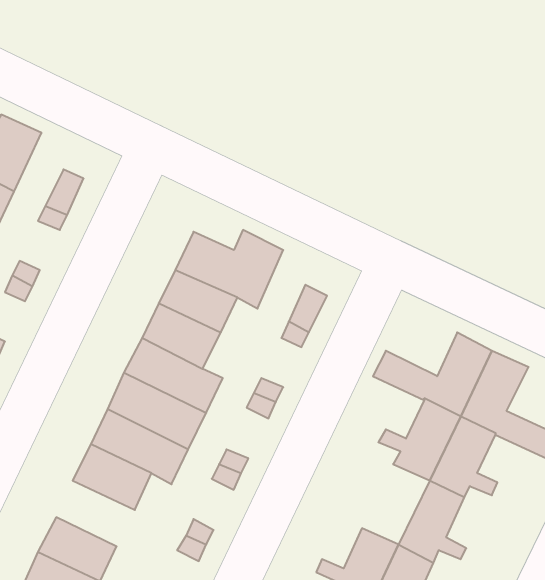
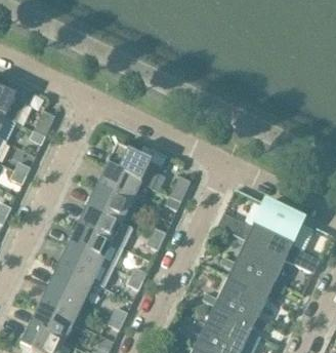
building: none -> [202,276,248,321]
building: none -> [39,285,83,322]

